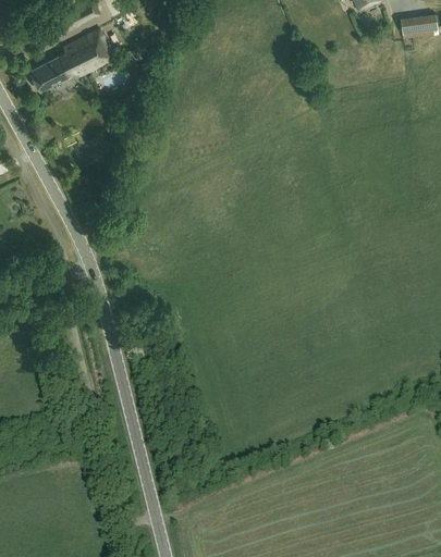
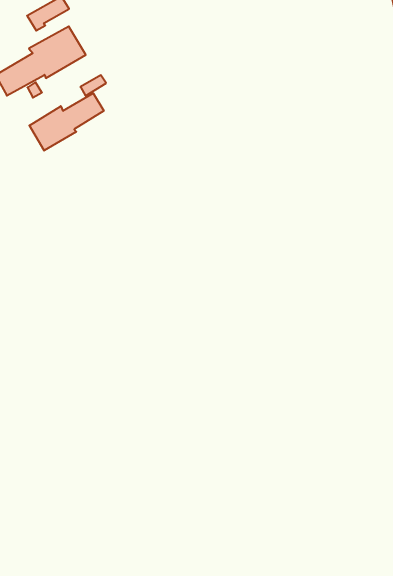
building: none -> [29,93,104,151]

